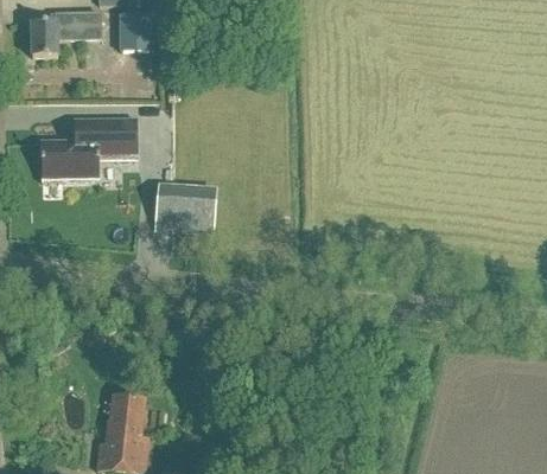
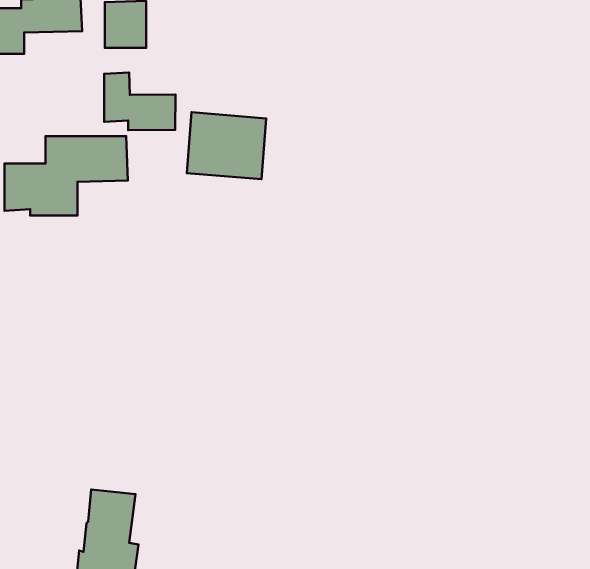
building: none -> [104,73,175,130]
building: [155,181,217,233] -> [187,112,266,179]

